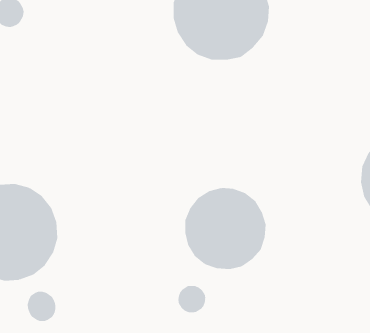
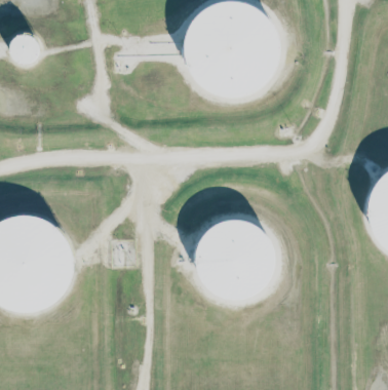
building: [178,285,206,313] -> none
building: [27,291,56,322] -> none

